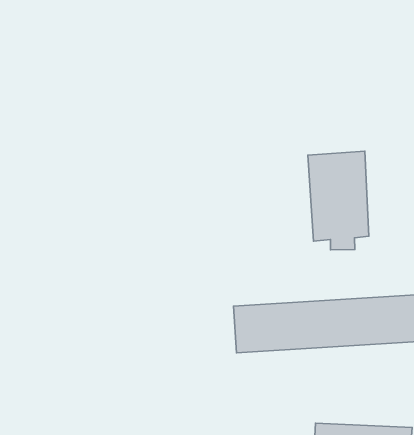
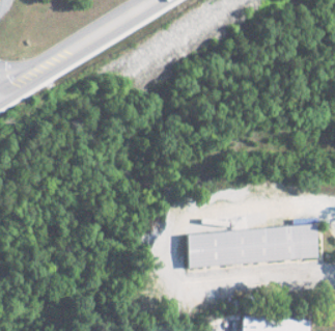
building: [308,151,369,250] -> none

